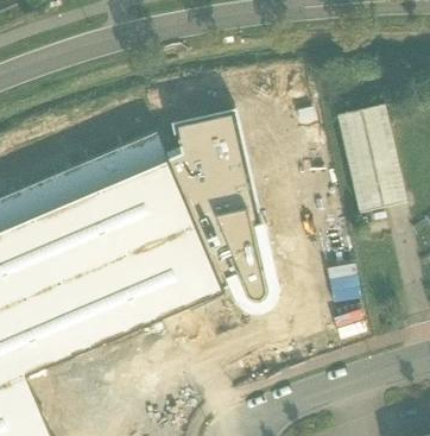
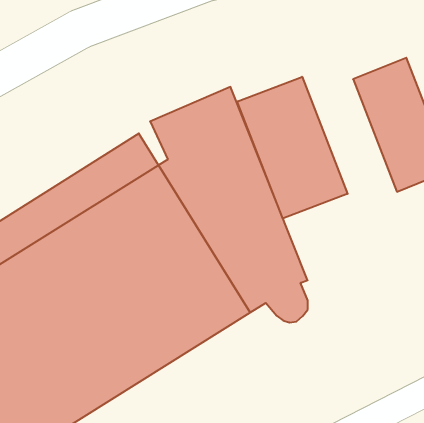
building: none -> [237,77,348,218]

